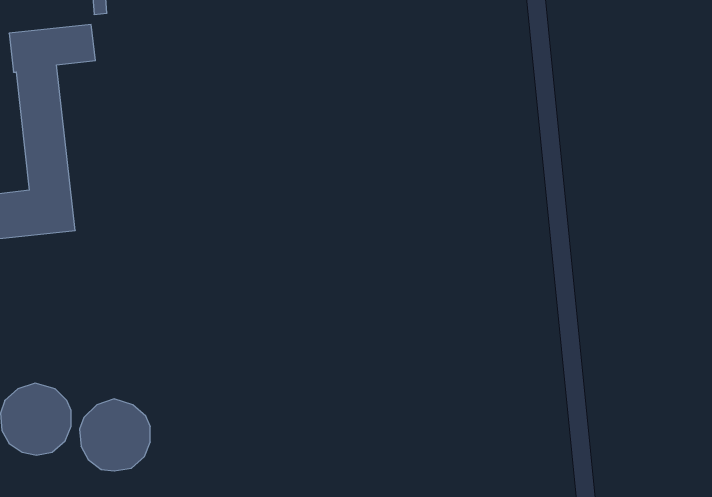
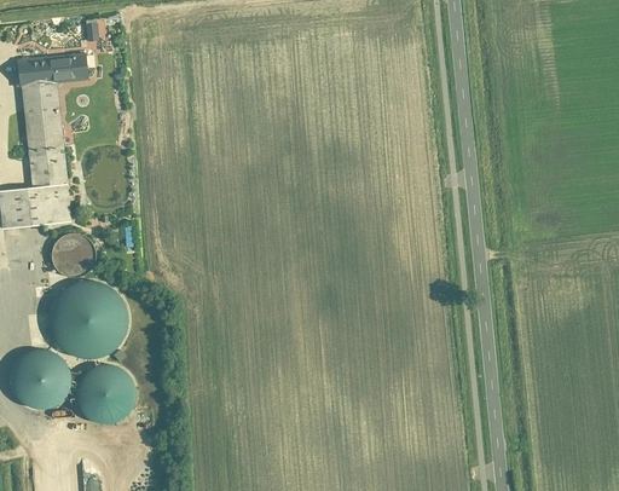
building: none -> [50,232,96,276]
building: none -> [53,279,131,358]

